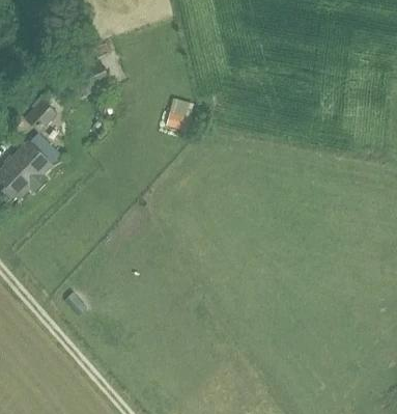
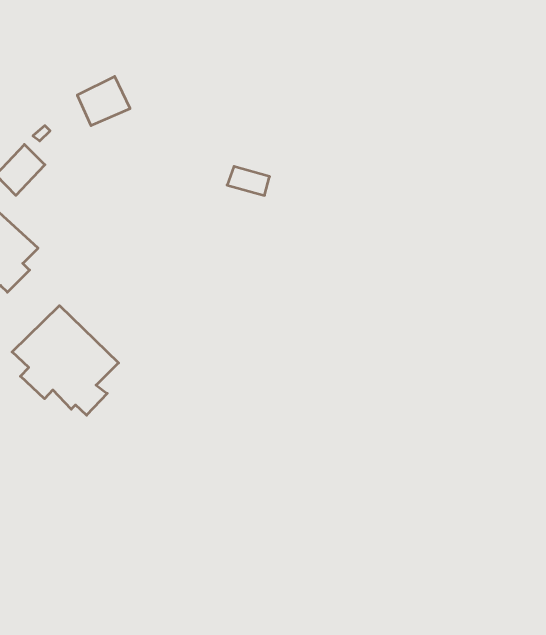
building: none -> [12,306,119,415]

